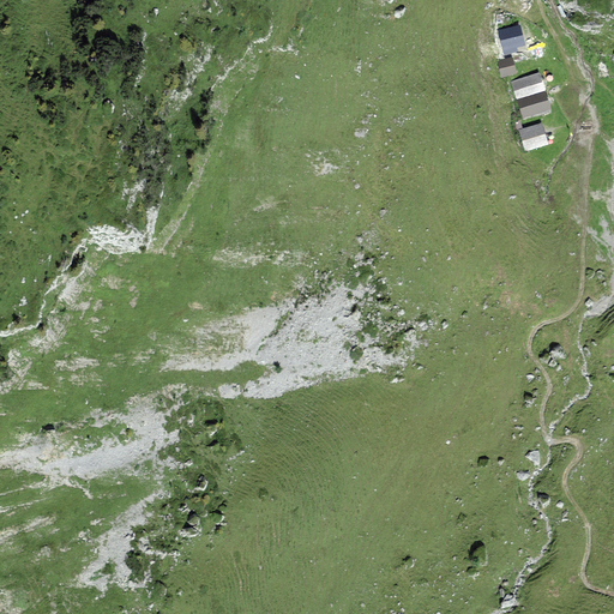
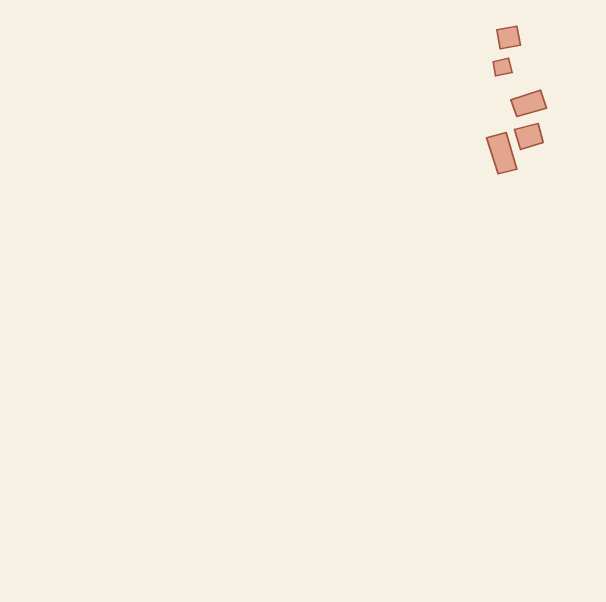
building: [510,73,544,98] -> none
building: none -> [486,132,517,174]

